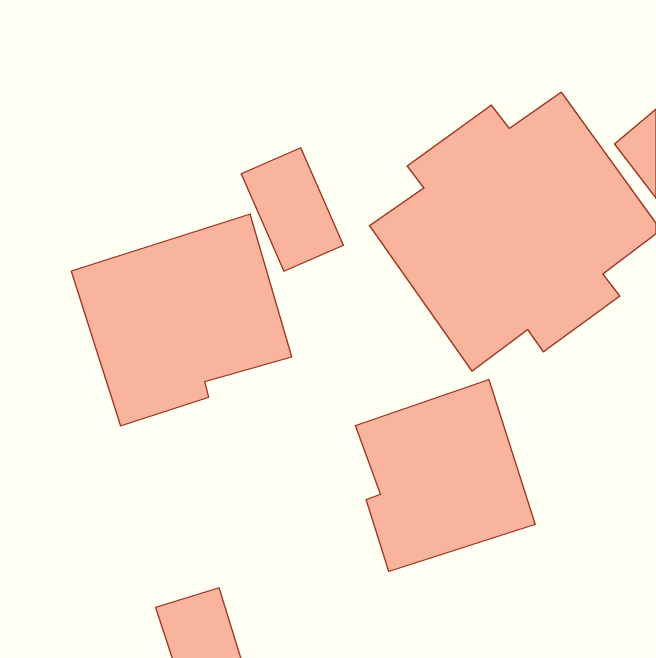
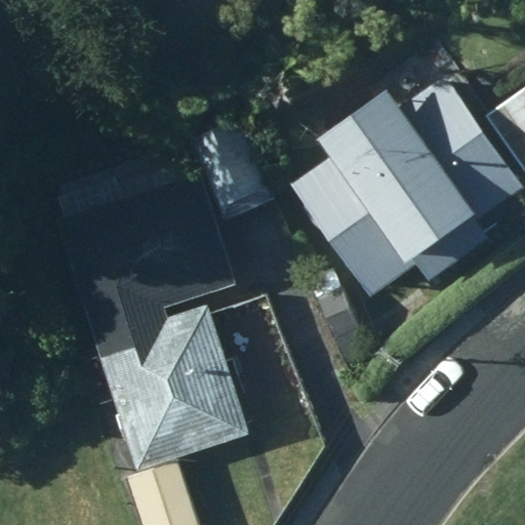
building: [355,379,535,571] -> none
building: none -> [95,307,248,469]

